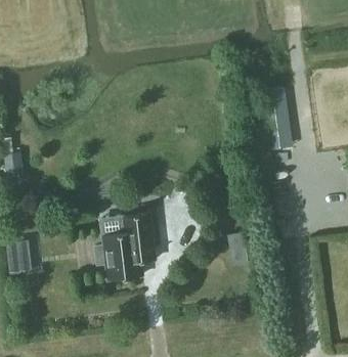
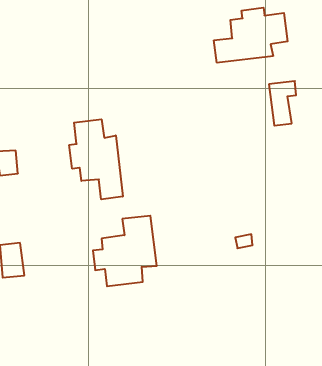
building: none -> [214,8,288,63]
building: none -> [69,119,123,199]

